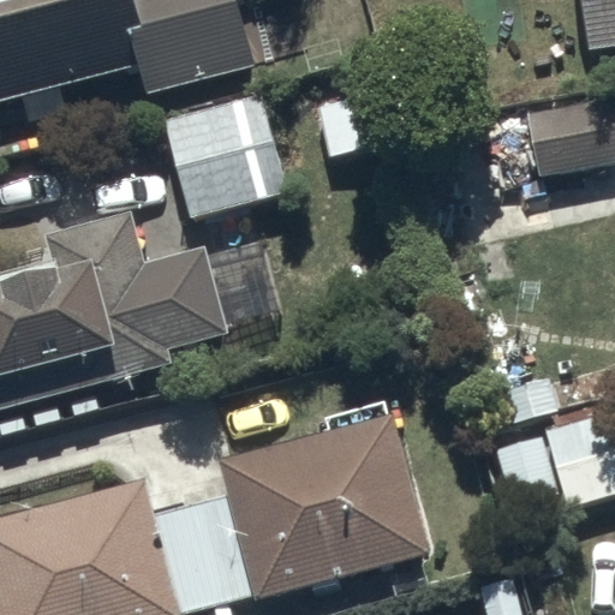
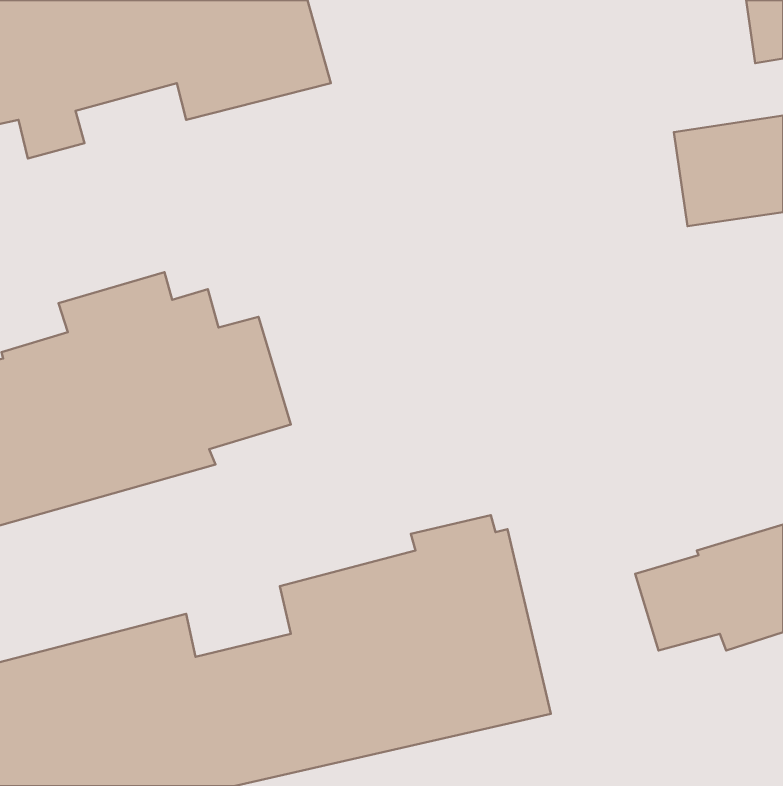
building: [162,92,287,220] -> none

